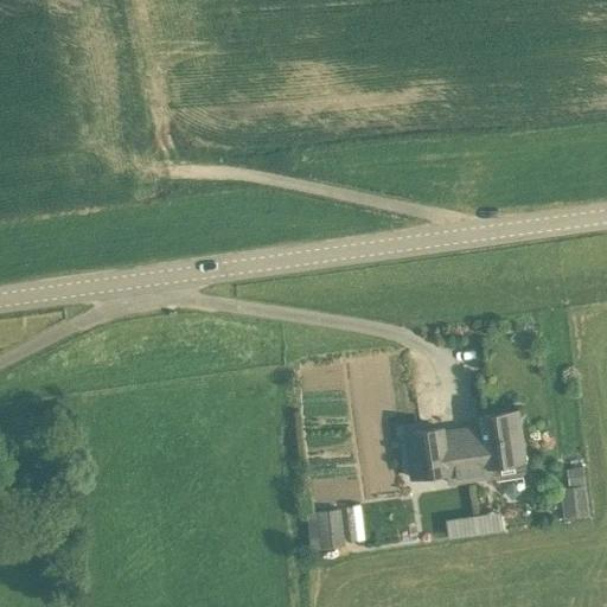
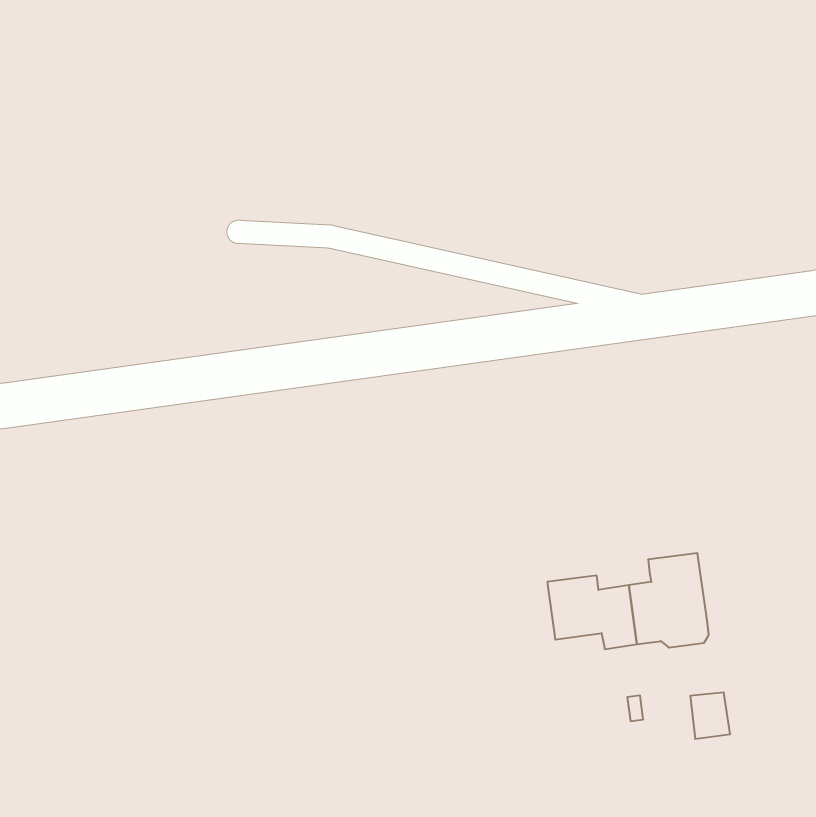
building: [561,484,590,518] -> [690,693,730,739]
building: [317,507,343,545] -> none

